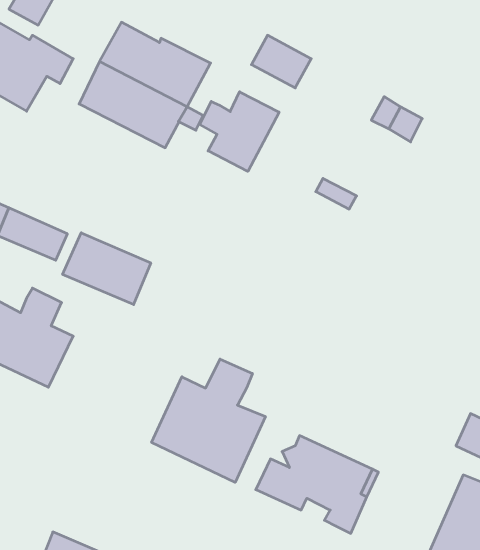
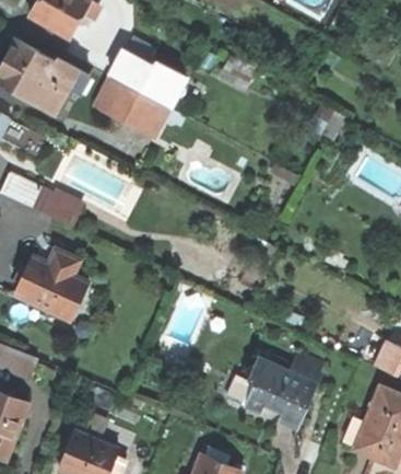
building: [200,92,279,171] -> none
building: [63,233,151,305] -> none
building: [152,359,265,482] -> none

